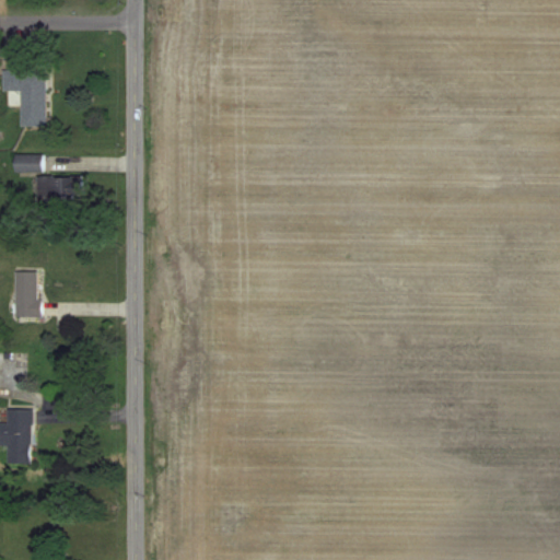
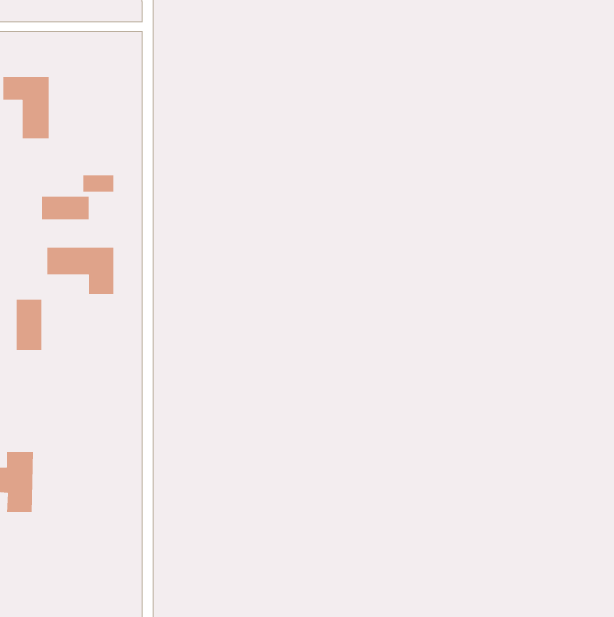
building: [13,155,42,172] -> [83,174,114,193]
building: none -> [46,247,114,295]

